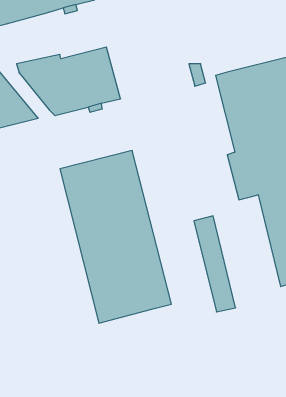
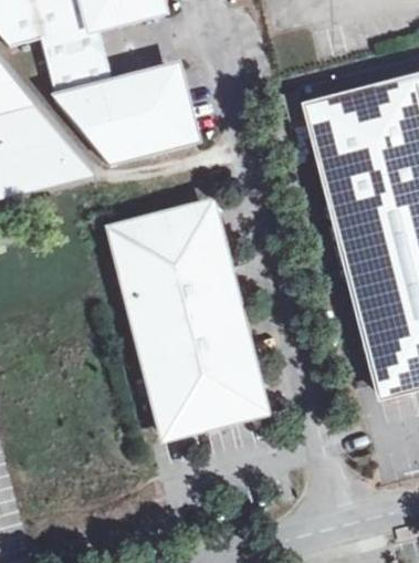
building: none -> [40,22,111,91]
building: [194,216,236,312] -> [348,264,404,392]

